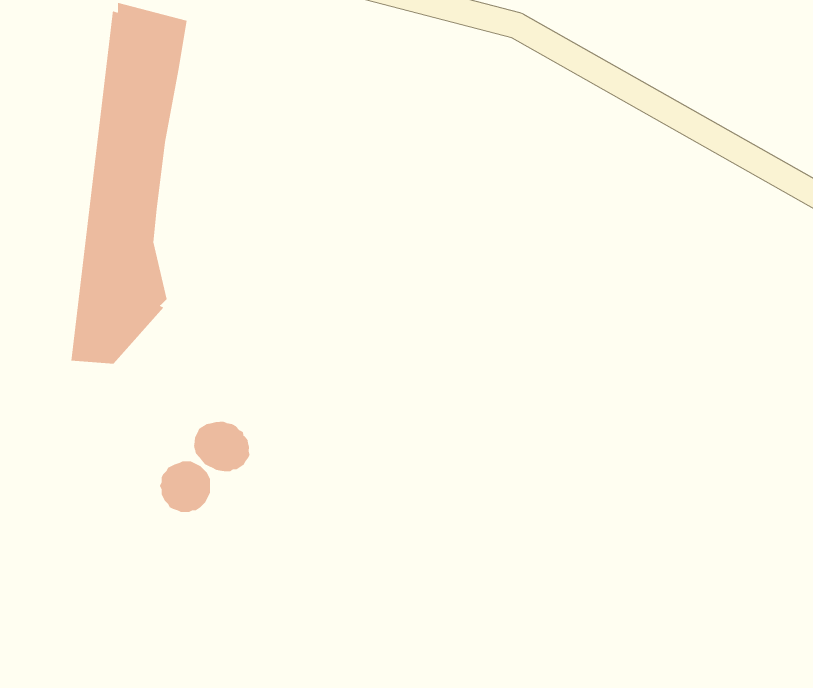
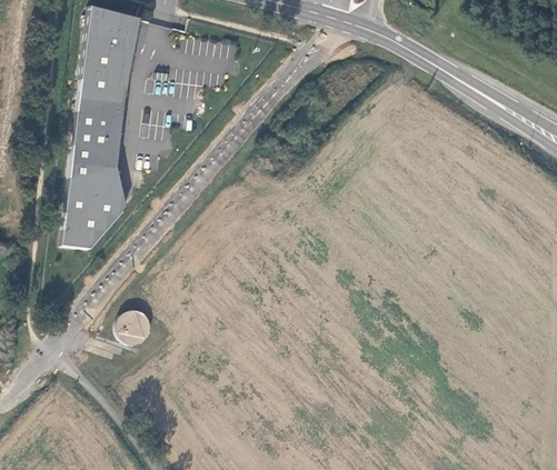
building: [194,421,250,472] -> none

